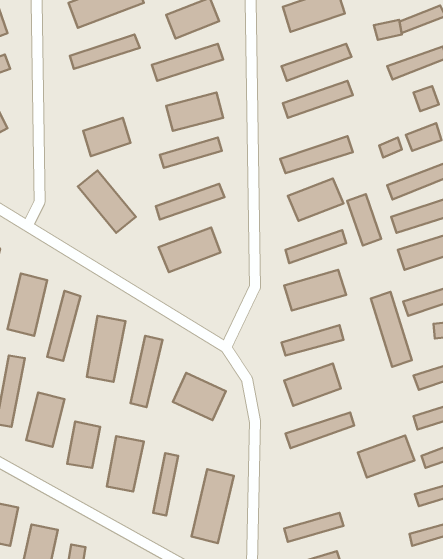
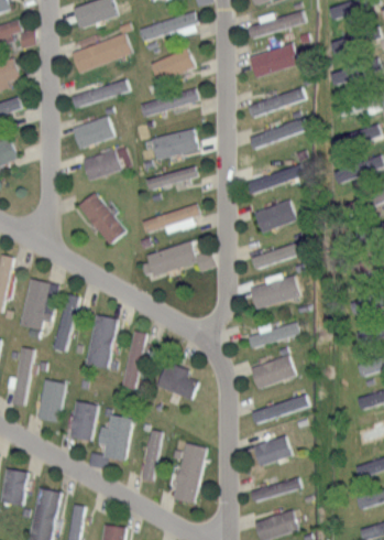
building: none -> [73,116,114,149]
building: [347,194,381,245] -> none
building: [371,292,412,367] -> none
building: [358,435,415,478] -> [252,432,299,467]

